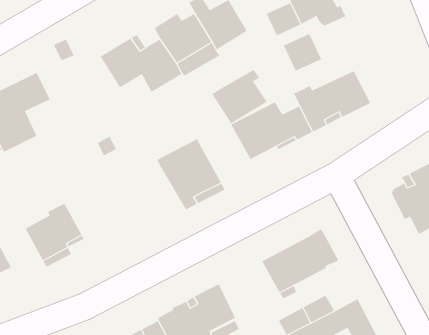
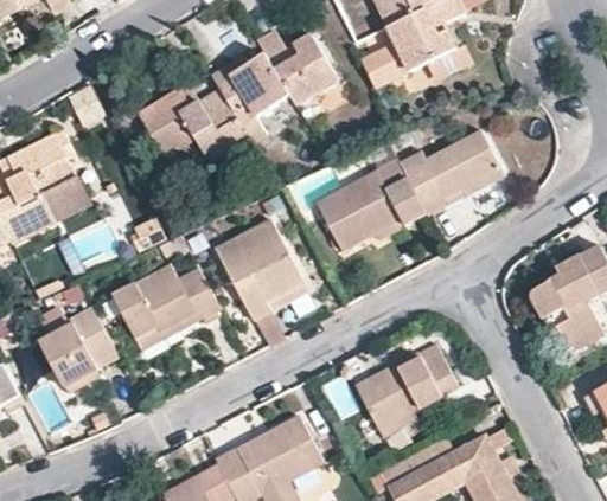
building: [283,33,322,71] -> none
building: [212,69,268,124] -> none
building: none -> [39,169,88,218]
building: none -> [114,268,218,338]

